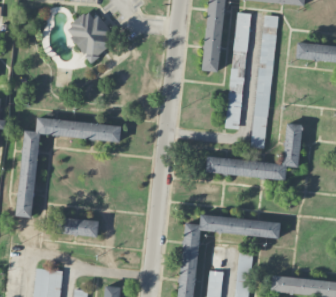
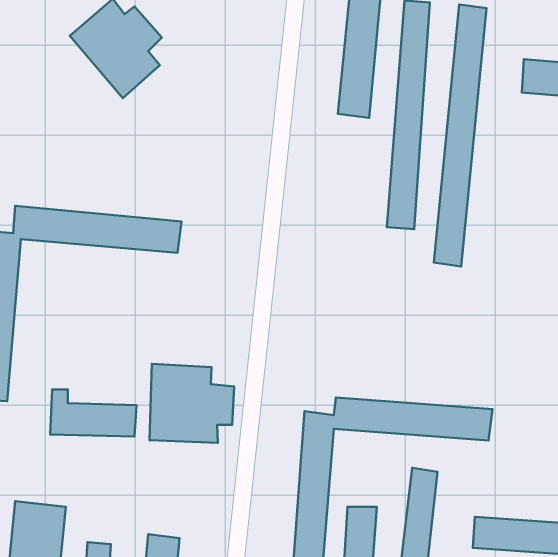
building: [205,122,302,180] -> none
building: none -> [150,364,234,443]

